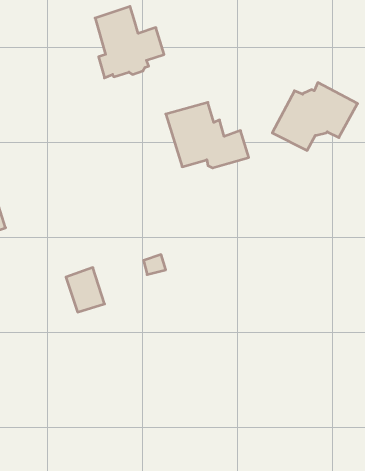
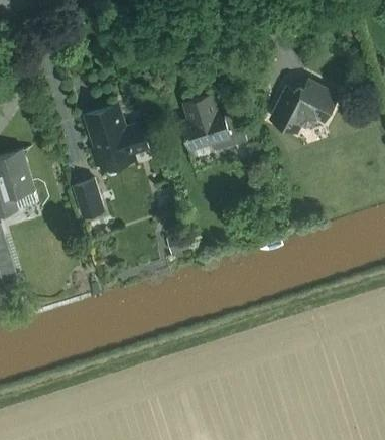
building: [95,6,164,78] -> [87,108,146,169]
building: [66,268,105,312] -> [71,180,104,218]

